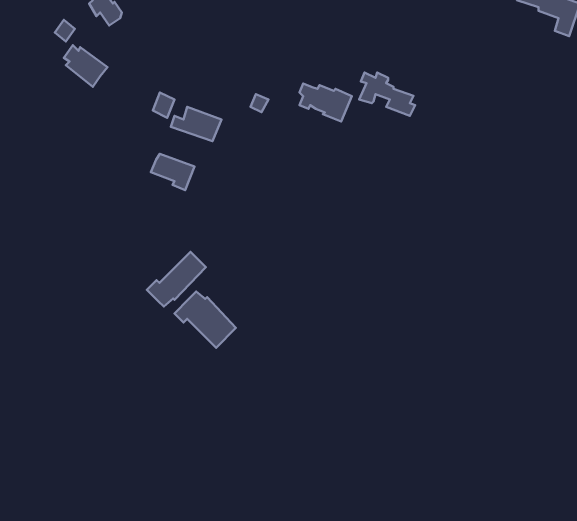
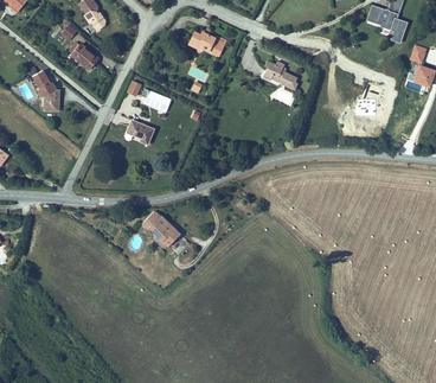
building: [299,83,352,122] -> [192,30,226,55]
building: none -> [33,76,60,119]
building: [147,252,206,307] -> none

